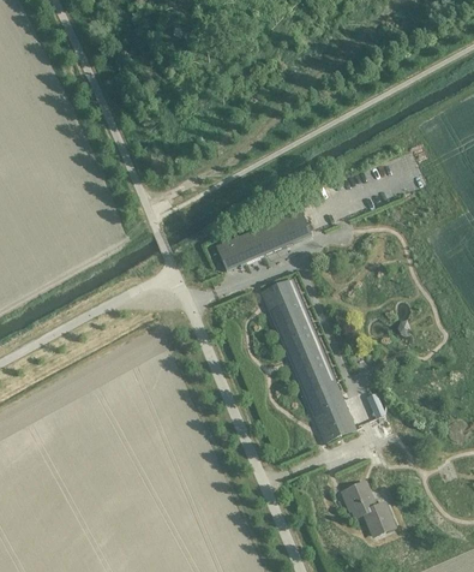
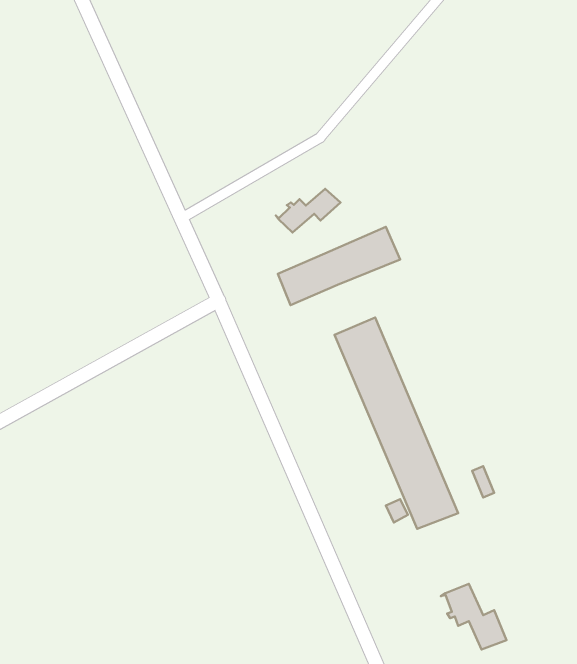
building: none -> [276,189,340,232]

